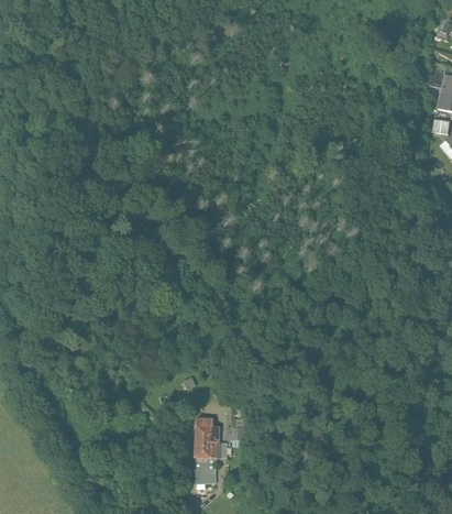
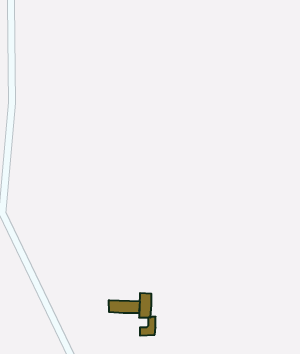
building: none -> [109,300,140,313]

